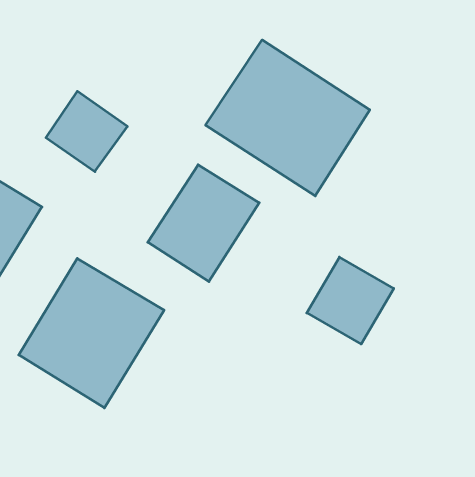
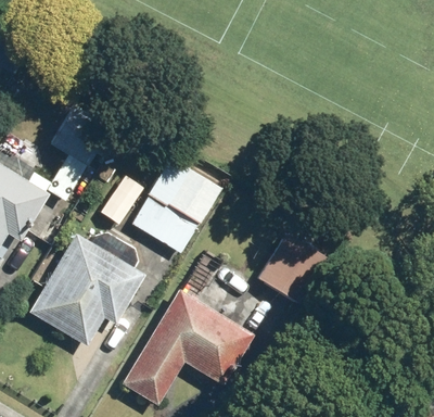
building: [206,40,370,196] -> none
building: none -> [128,289,257,401]

